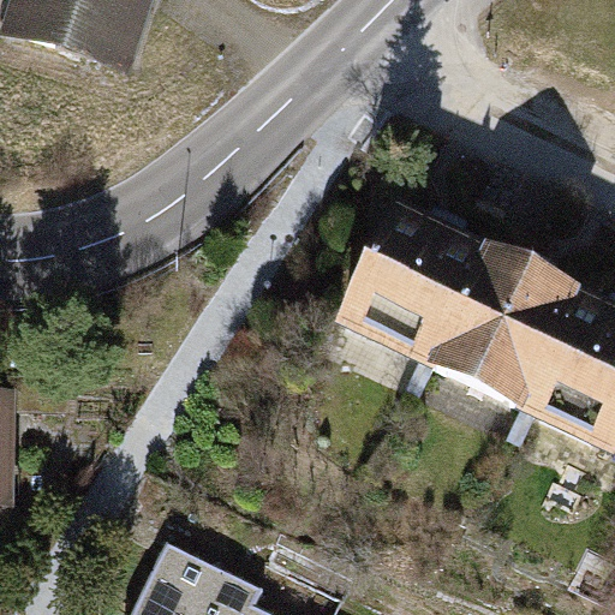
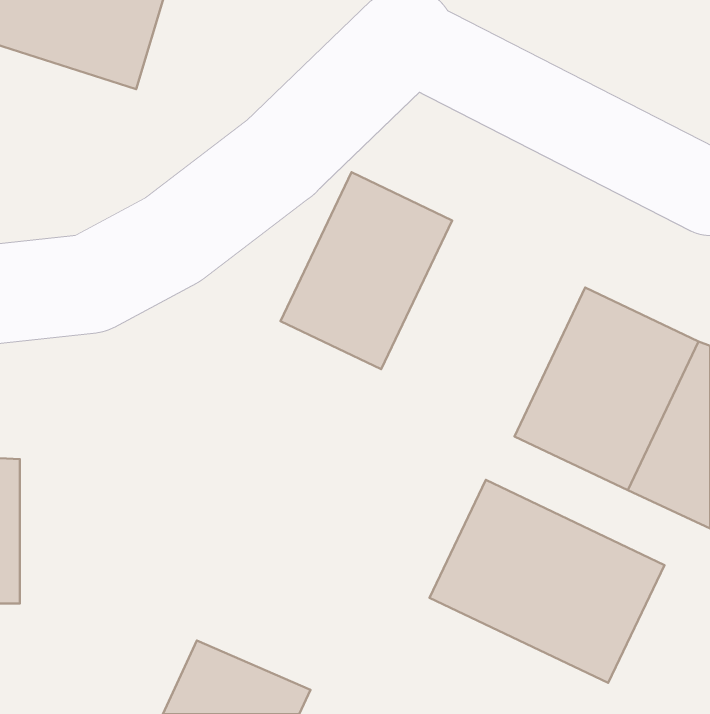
building: [351,203,496,370] -> [281,172,452,369]
building: none -> [429,480,664,683]

